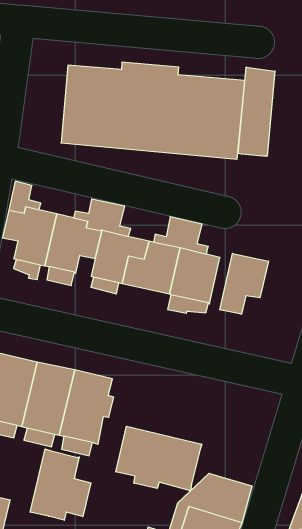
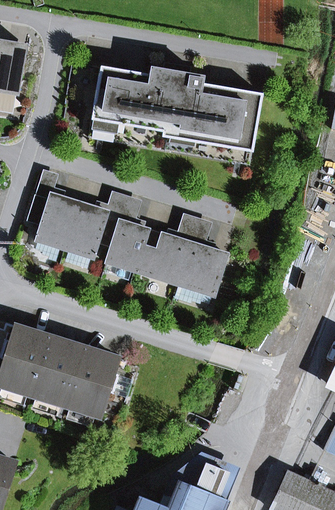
building: [238,67,275,156] -> none
building: [220,253,268,314] -> none
building: [116,426,202,491] -> none
building: [30,449,91,520] -> none

